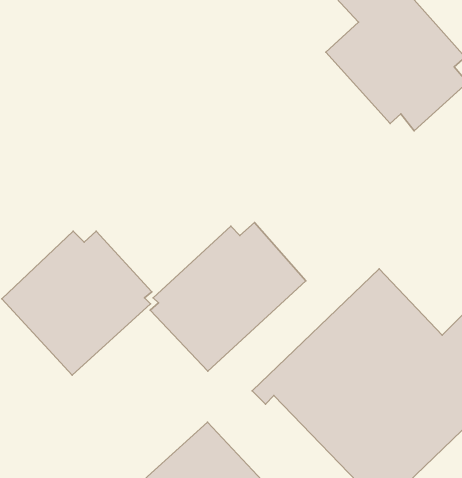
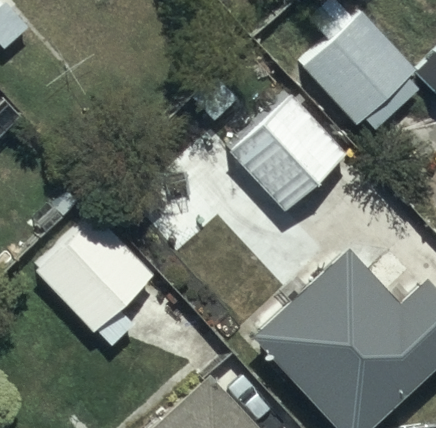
building: none -> [231,97,349,214]
building: [150,222,306,371] -> none

